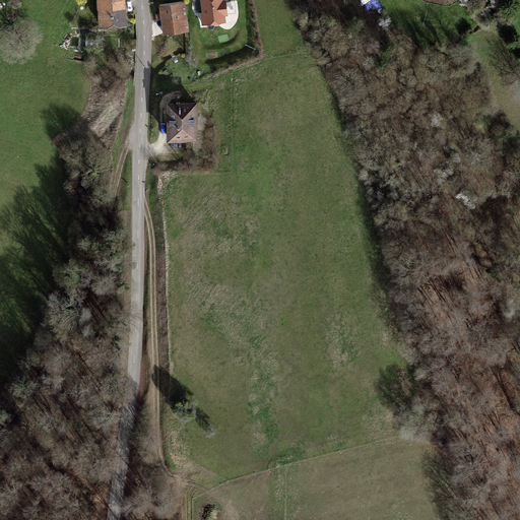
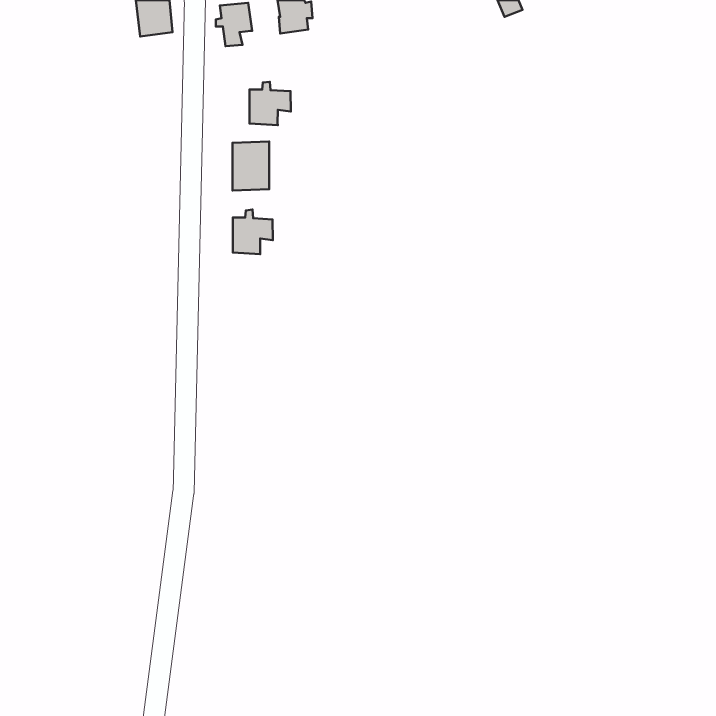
building: none -> [249,82,291,125]
building: none -> [233,210,273,254]

